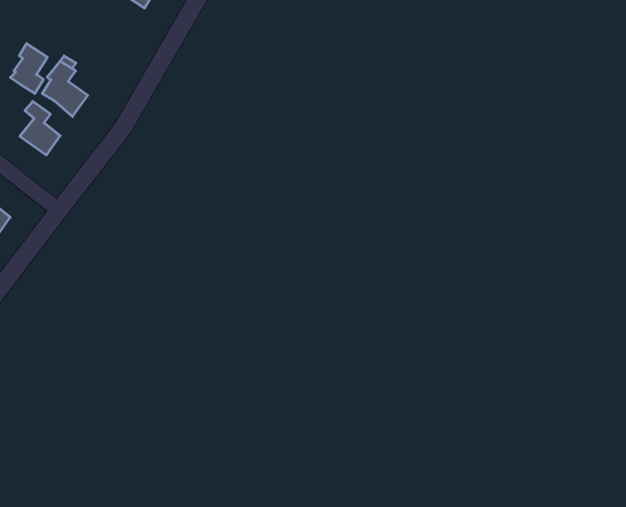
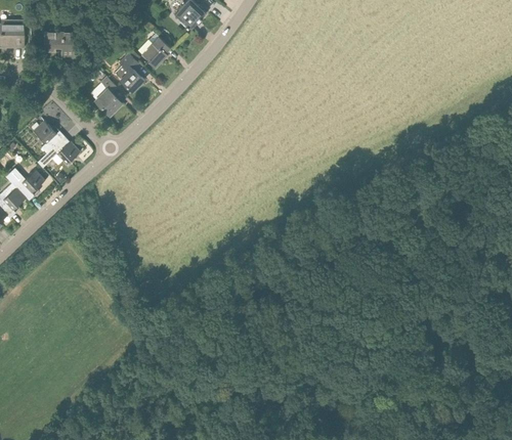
building: [10,44,47,94] -> [141,33,168,67]

